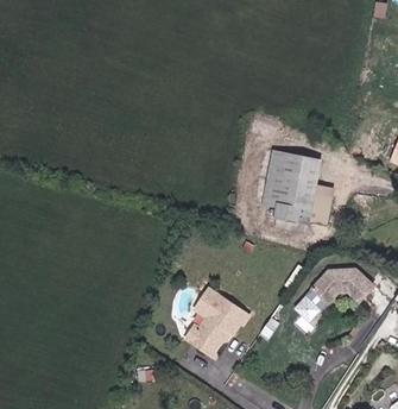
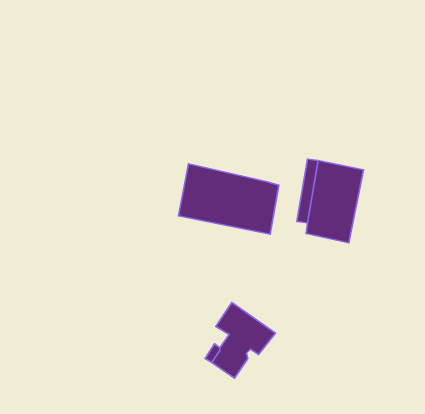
building: none -> [179,164,279,234]
building: [307,278,369,315] -> none

